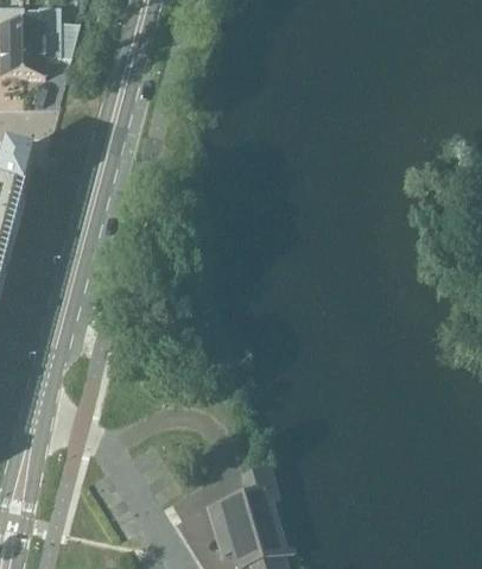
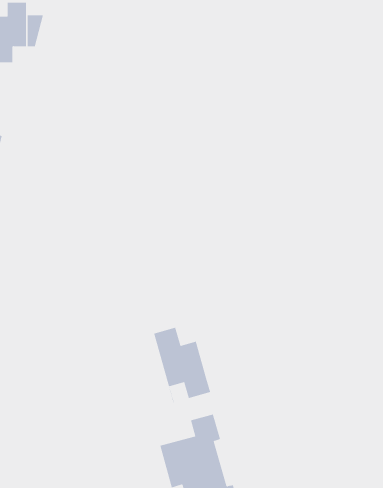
building: none -> [153,327,211,403]

